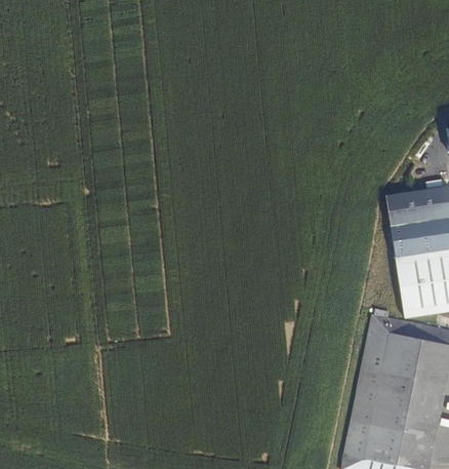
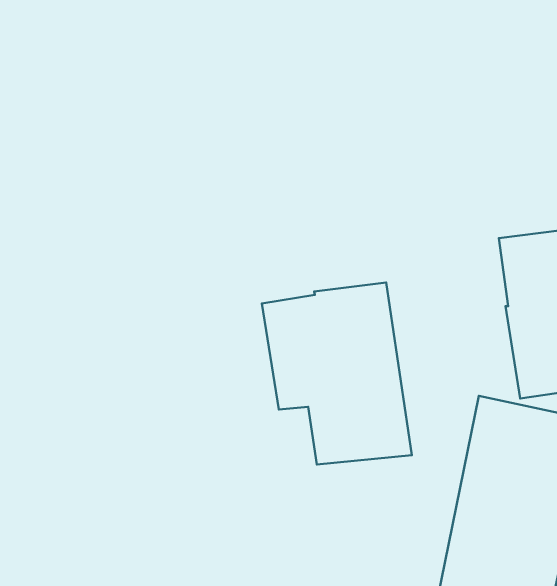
building: none -> [262,282,412,464]

